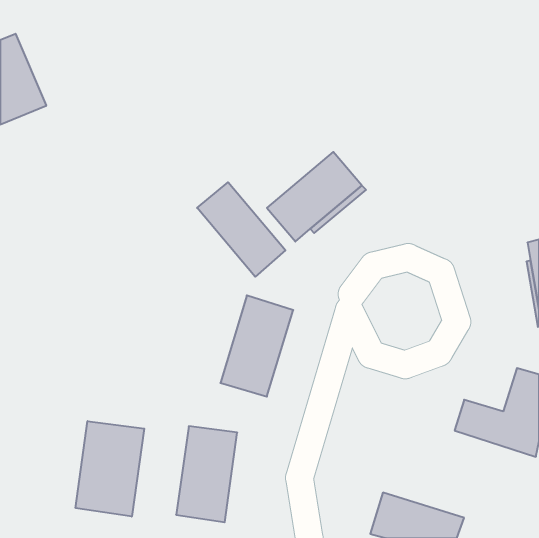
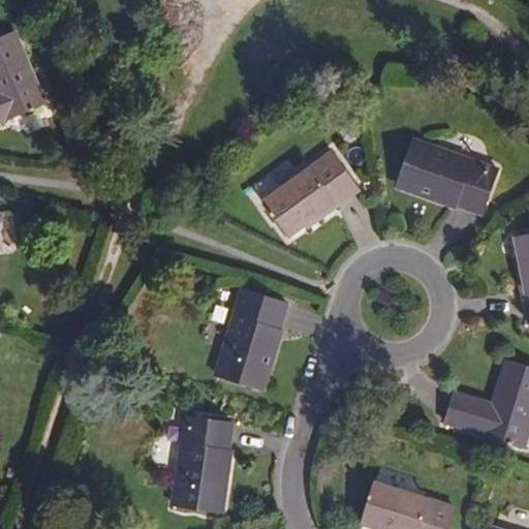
building: none -> [399,139,498,213]
building: [197,182,285,277] -> none
building: [76,421,144,517] -> none

